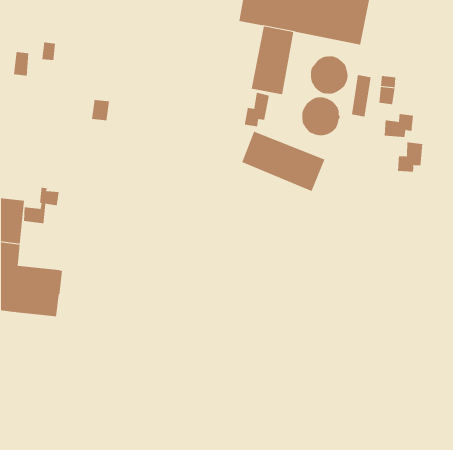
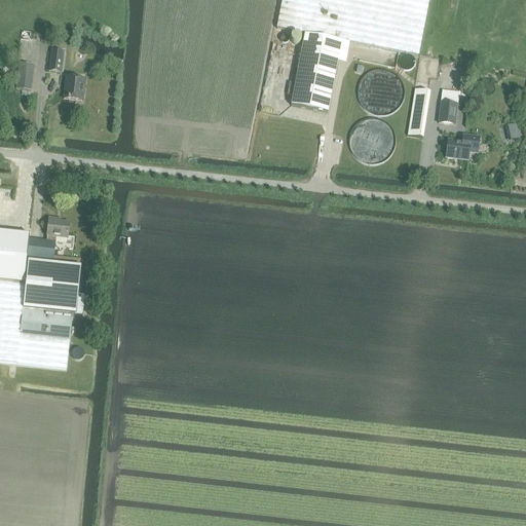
building: [244,92,270,127] -> none
building: [91,99,110,121] -> [65,76,86,101]
building: [241,131,325,192] -> none
building: [398,142,423,172] -> none
building: none -> [22,260,80,313]

